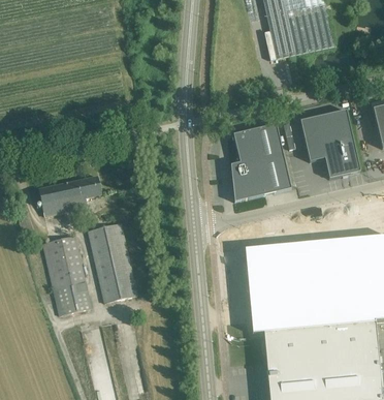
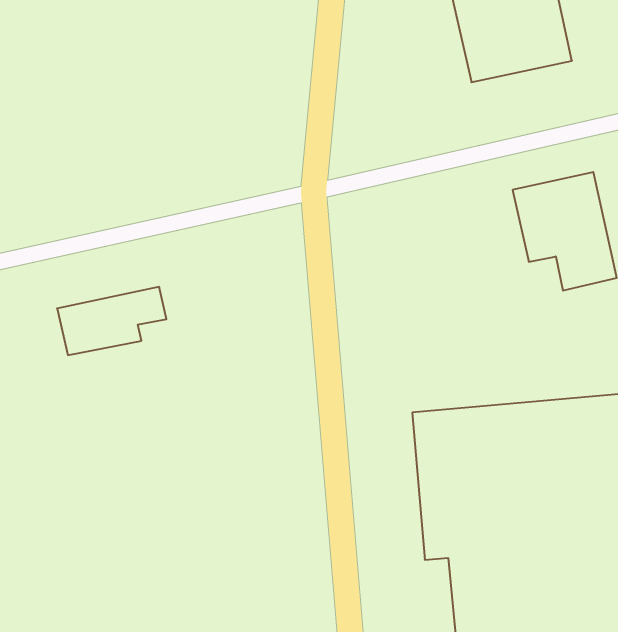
building: [230,123,291,202] -> none
building: [88,222,137,302] -> none
building: [43,235,92,314] -> none

